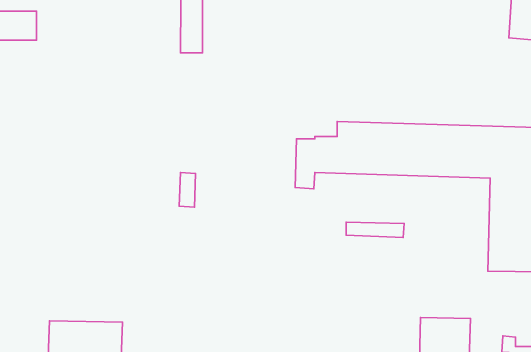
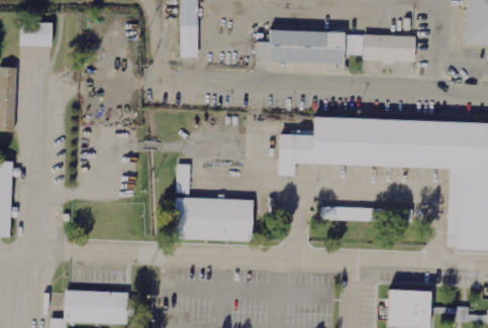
building: none -> [255,31,415,66]
building: none -> [174,196,254,240]

